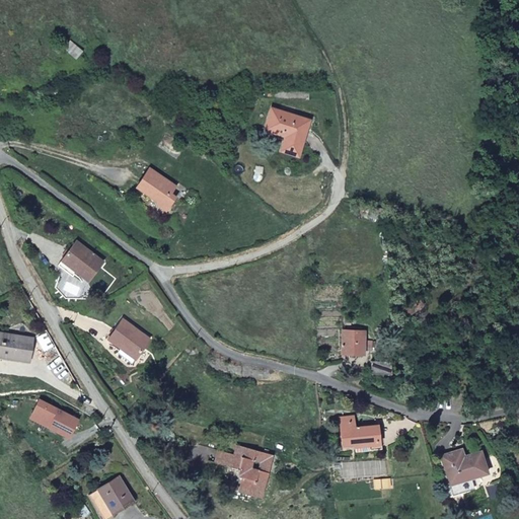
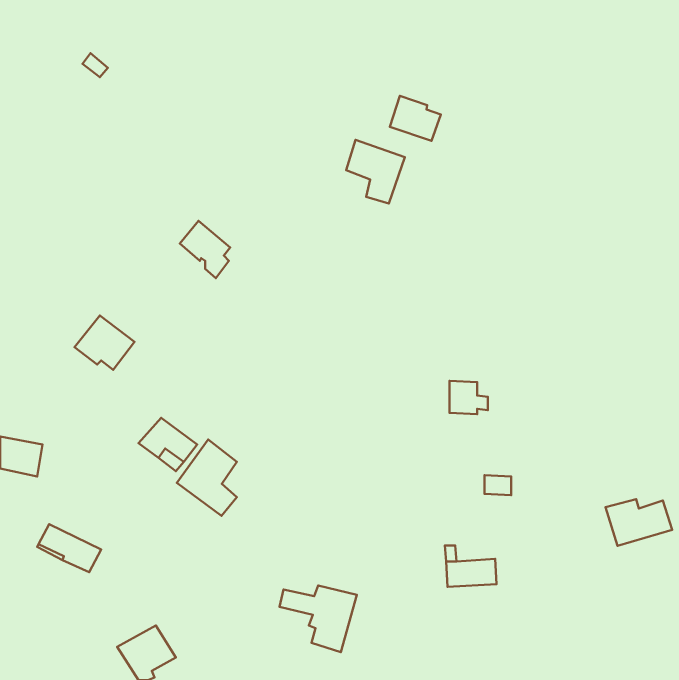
building: none -> [390,96,441,141]
building: [342,330,371,356] -> [449,381,488,414]
building: none -> [177,439,237,516]
building: [439,449,490,485] -> [606,499,672,546]

